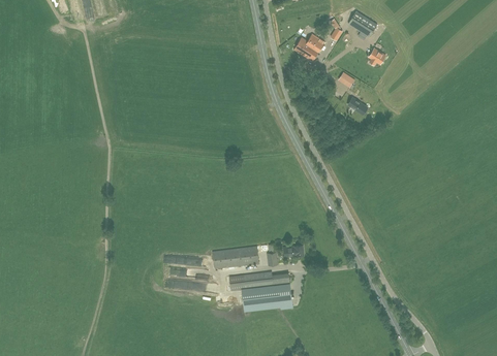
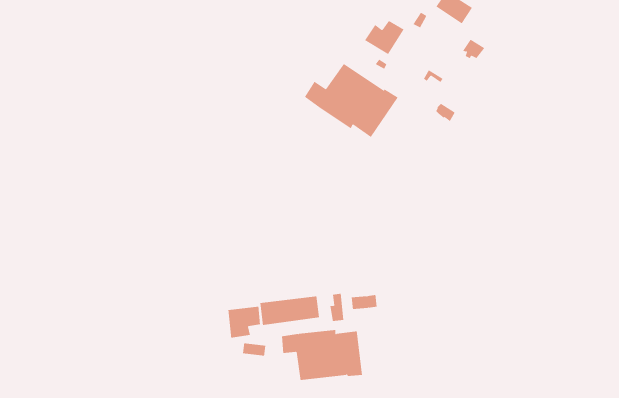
building: none -> [304,63,398,138]
building: none -> [228,306,260,338]

